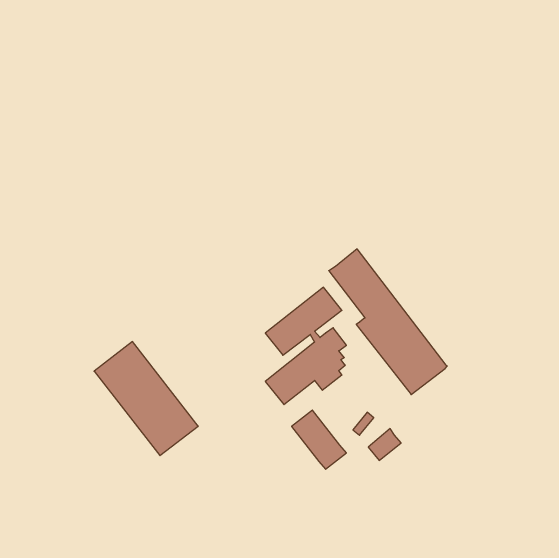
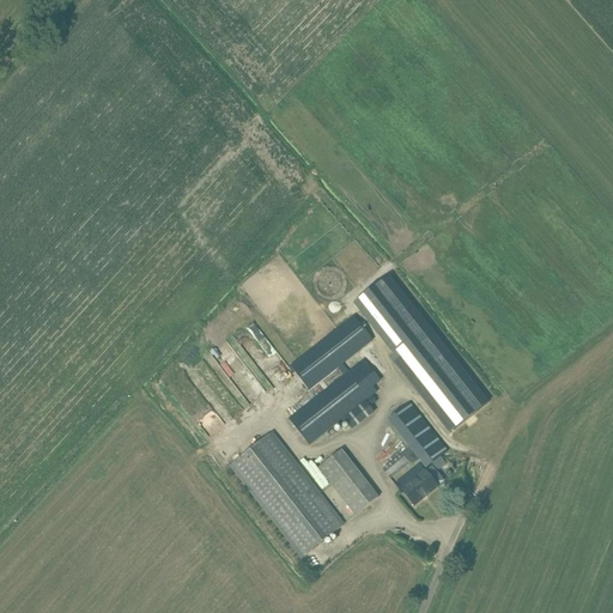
building: [94,342,198,456] -> [231,431,345,556]
building: none -> [389,400,449,466]

